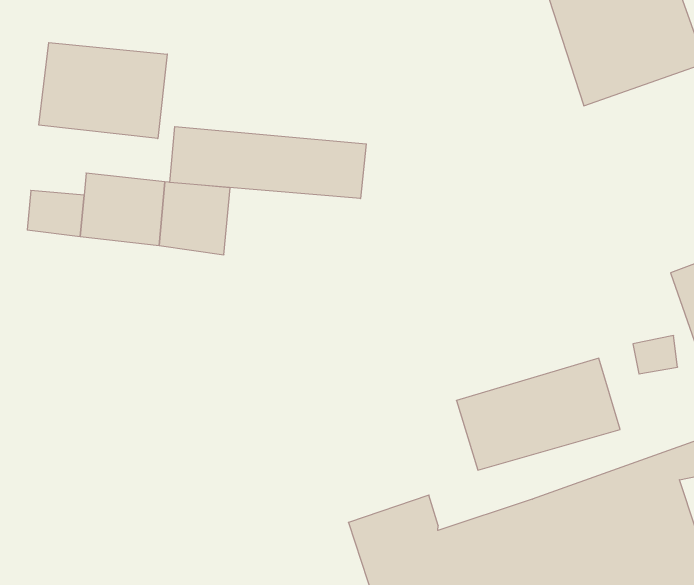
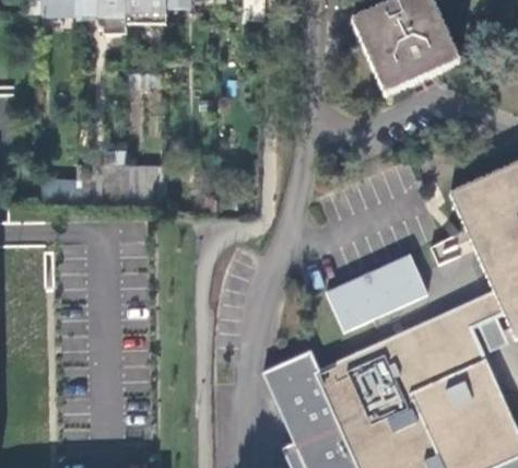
building: [39,43,167,139] -> none
building: [170,127,366,199] -> none

